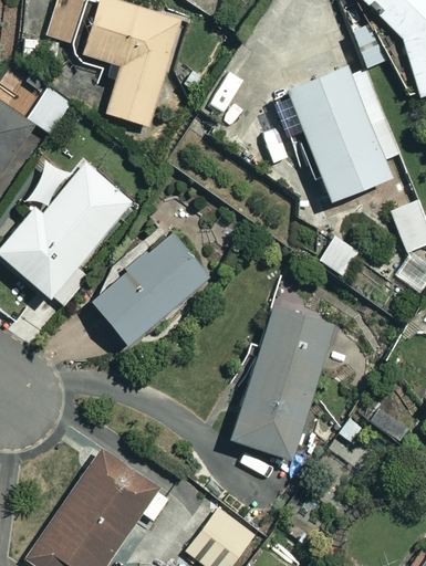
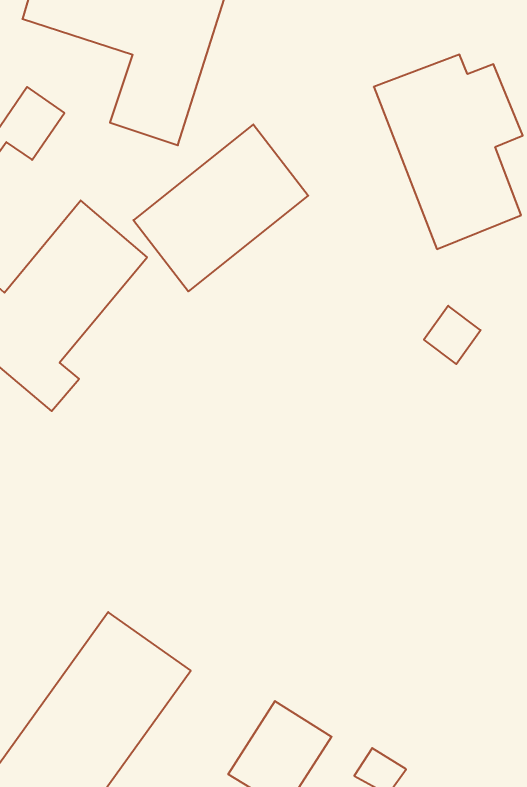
building: [89,230,208,344] -> [133,124,308,291]
building: [228,304,336,458] -> none

